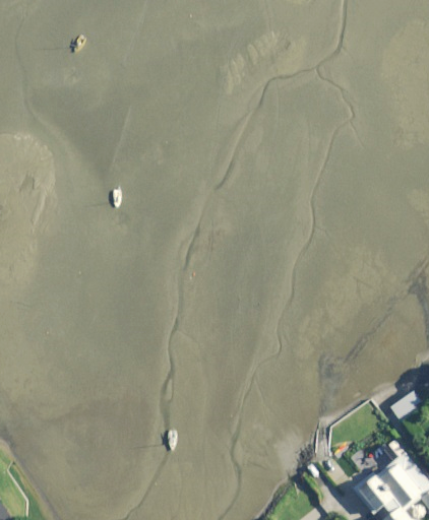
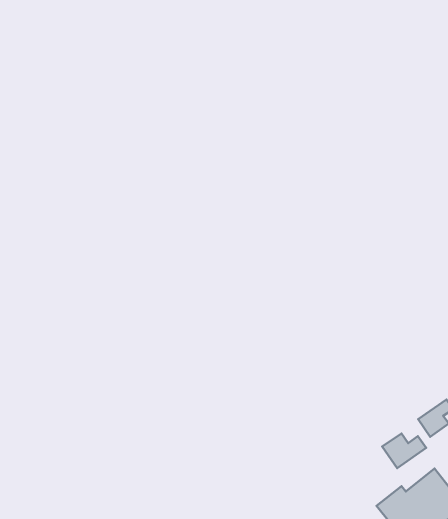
building: none -> [382,434,426,468]

